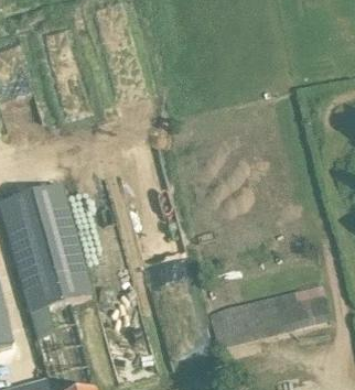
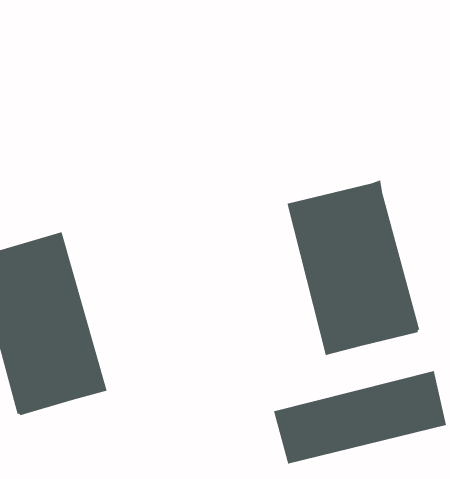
building: none -> [287,179,420,356]

